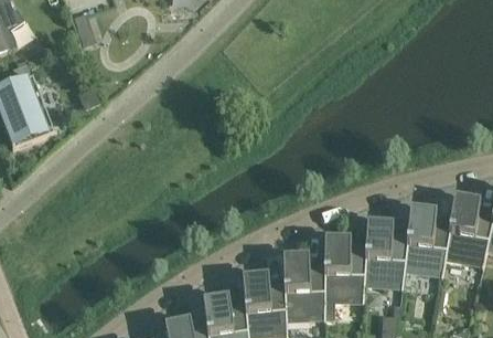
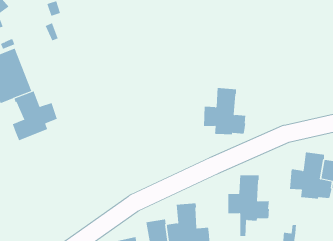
building: none -> [12,90,58,141]
building: [349,222,405,288] -> [203,88,246,138]
building: [268,256,324,319] -> none

